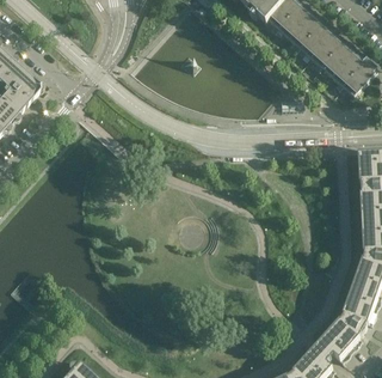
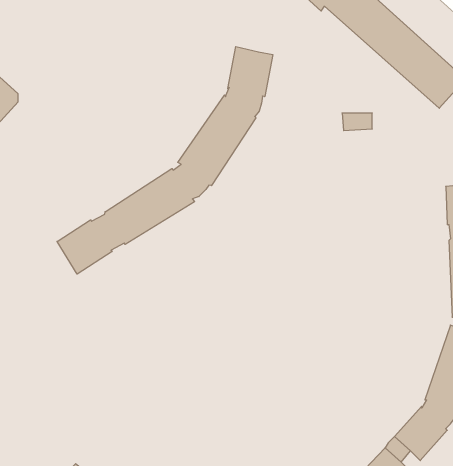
building: none -> [57,47,273,274]

